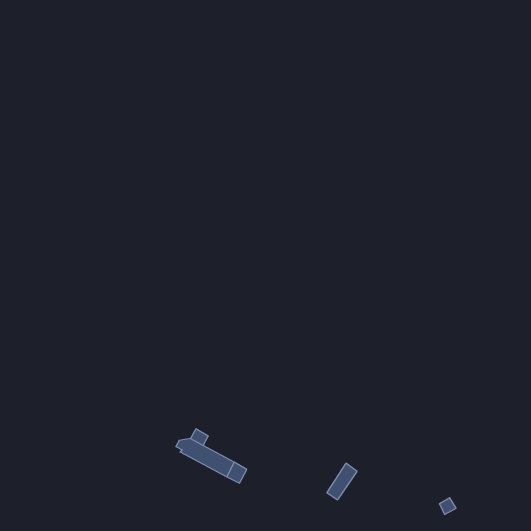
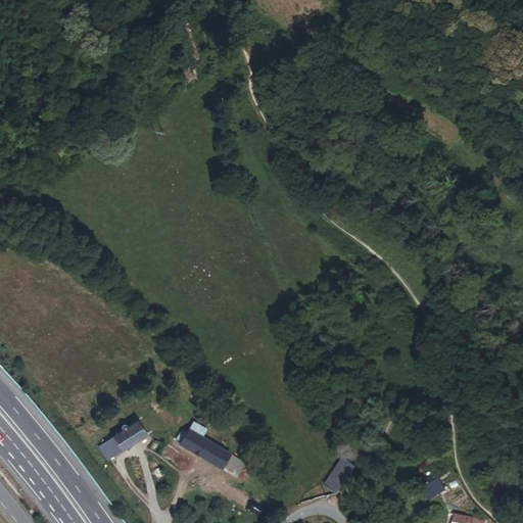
building: none -> [100,423,148,462]

